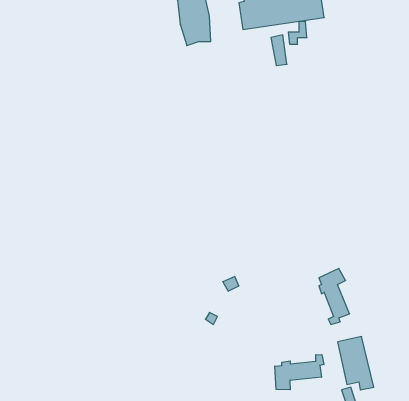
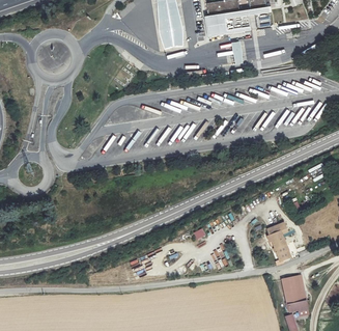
building: [275,355,324,390] -> none

